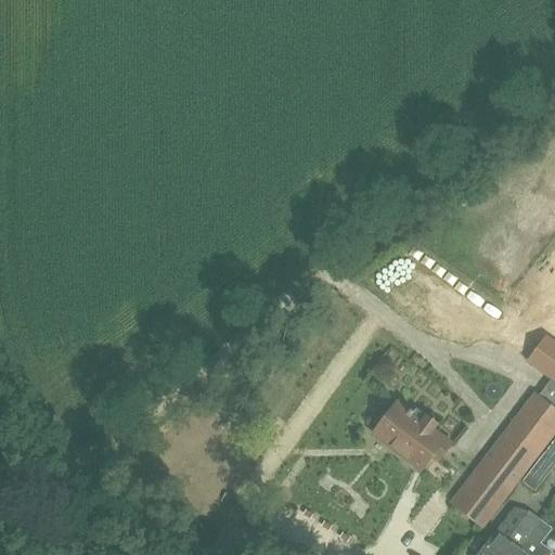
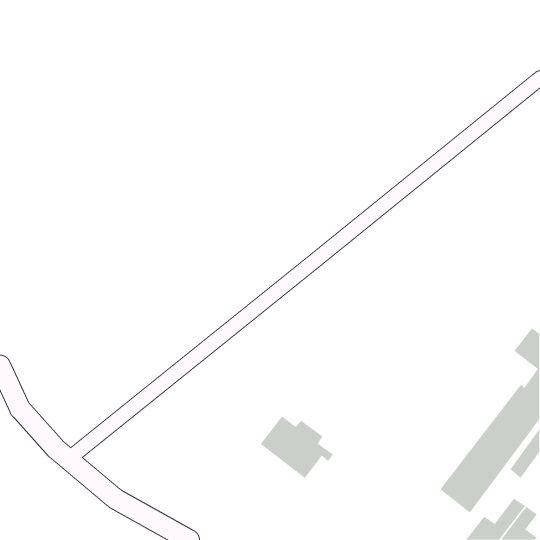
building: [374,403,450,468] -> [260,415,334,479]

